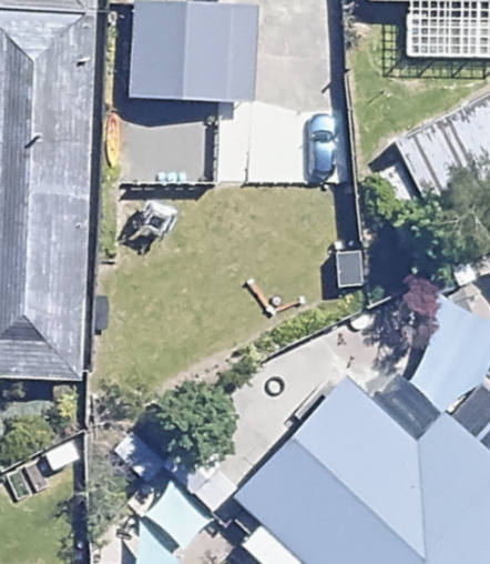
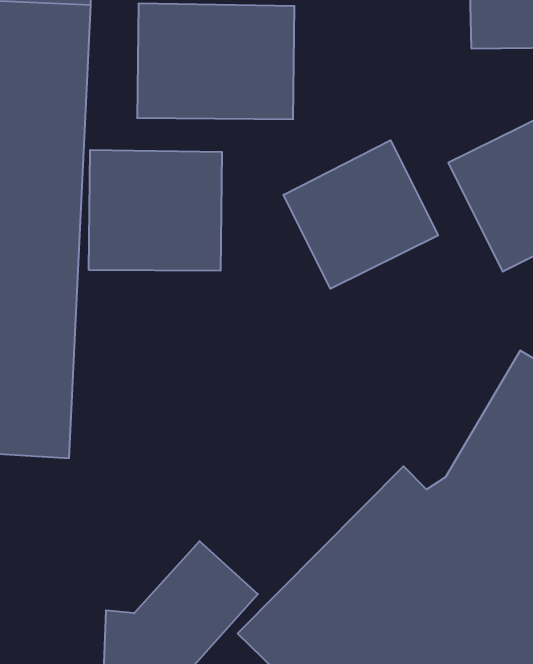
building: none -> [283,140,438,289]
building: none -> [89,150,222,271]

